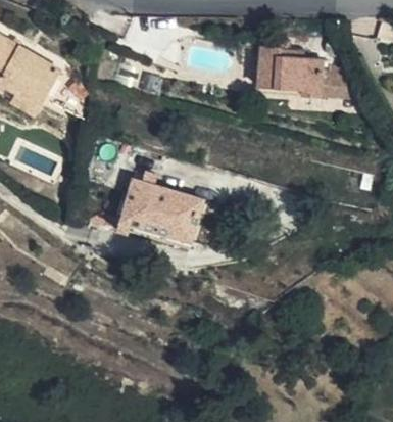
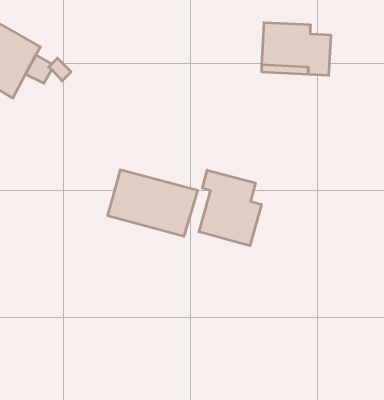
building: none -> [199,170,261,246]

